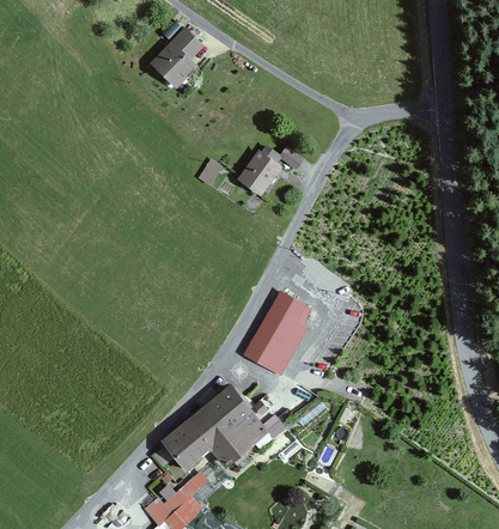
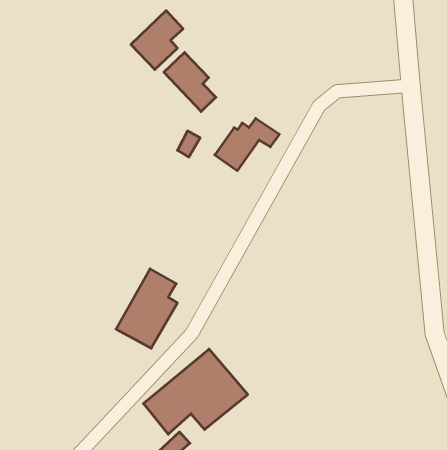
building: none -> [164,52,216,112]
building: [244,291,309,375] -> [116,269,177,348]

